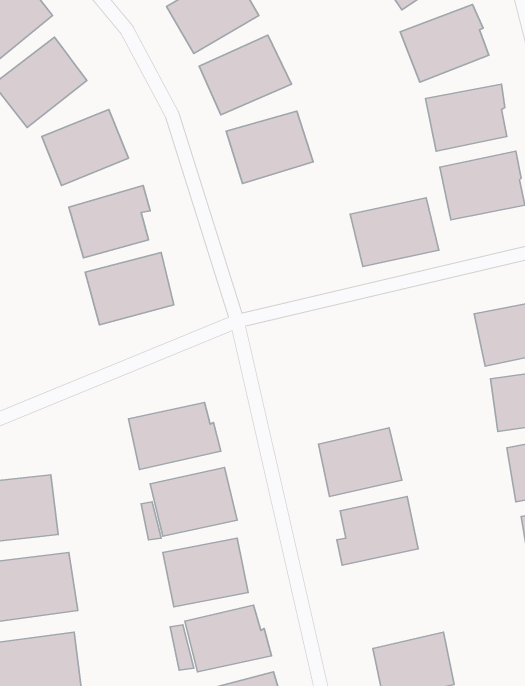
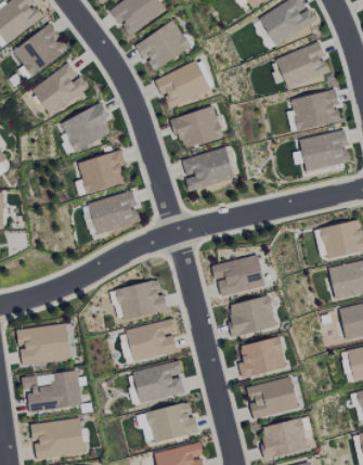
building: [350,198,439,267] -> [181,148,234,190]
building: none -> [212,255,264,297]
building: none -> [246,377,298,418]

